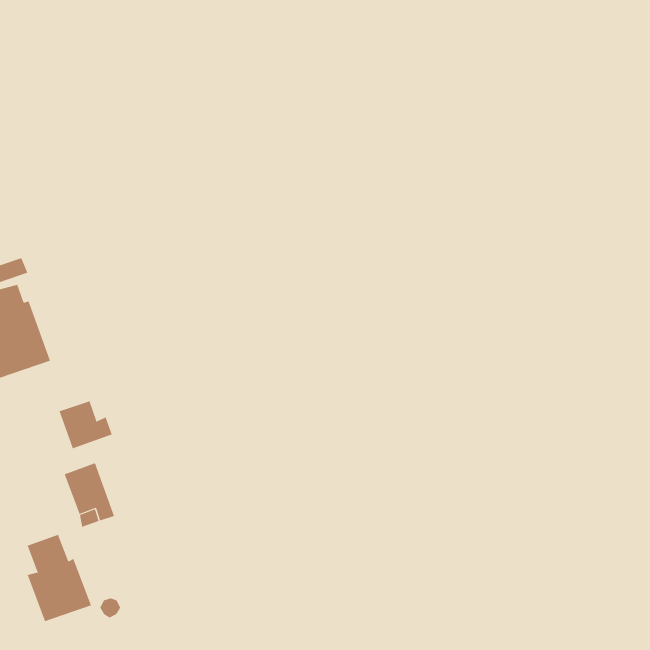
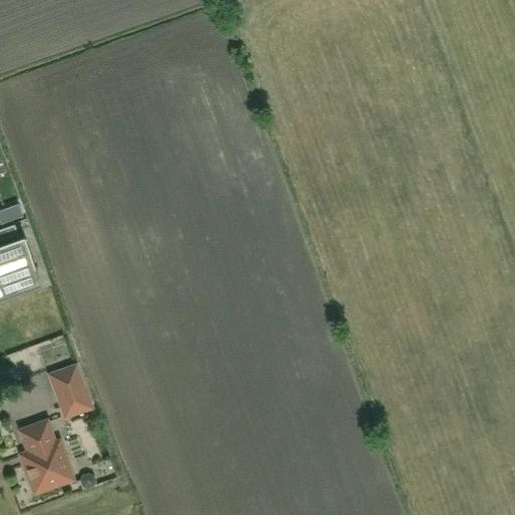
building: [59,400,113,449] -> none

